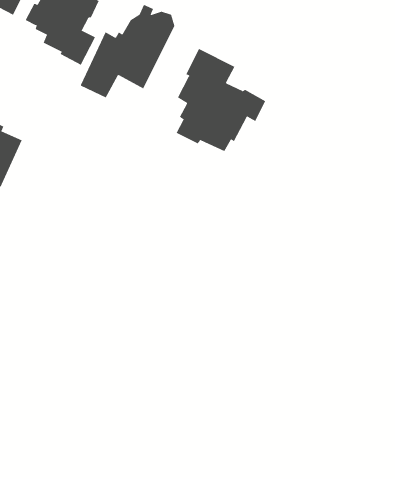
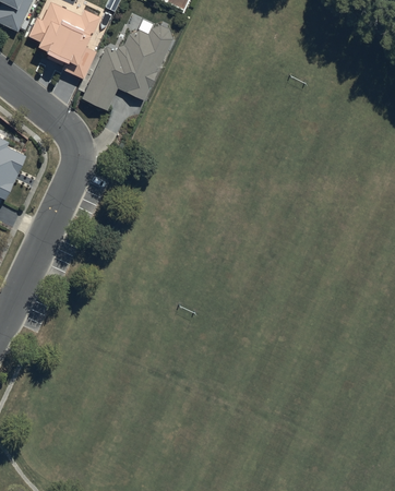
building: [176,48,266,152] -> none

